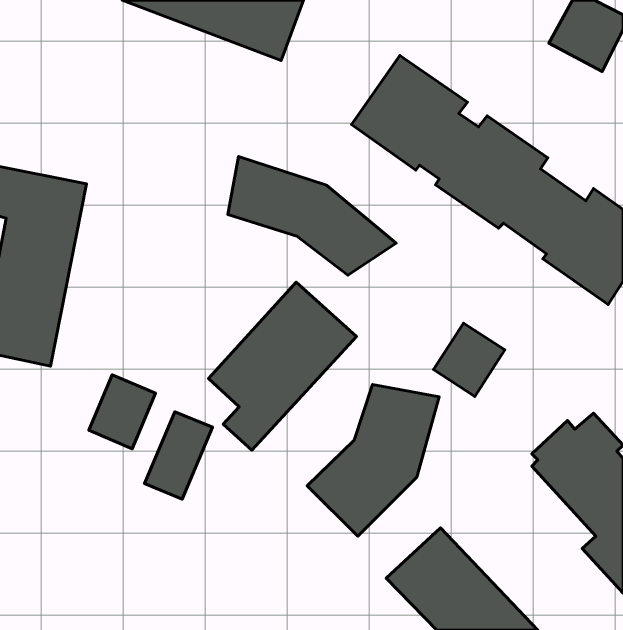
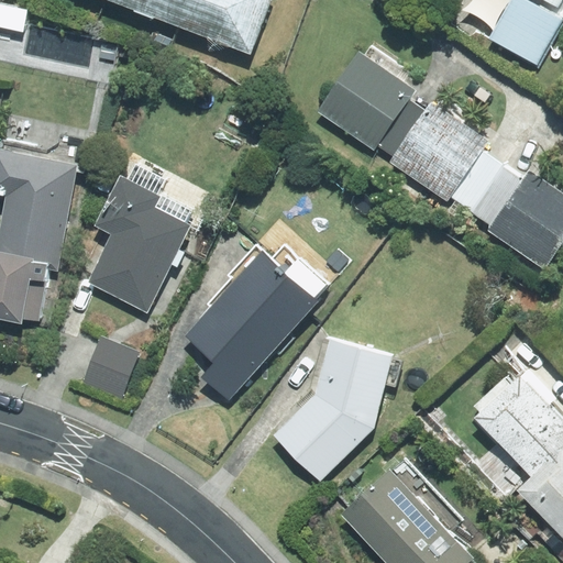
building: [228,157,396,275] -> none
building: none -> [86,157,206,312]
building: [434,323,505,396] -> none
building: [144,412,212,499] -> none

